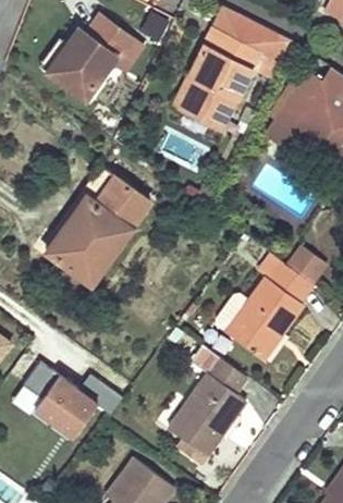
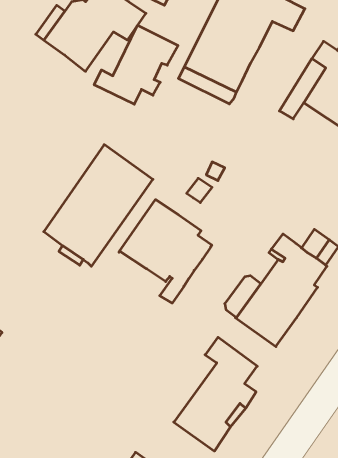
building: none -> [94,25,178,104]
building: none -> [119,200,212,303]
building: [22,363,121,438] -> none

